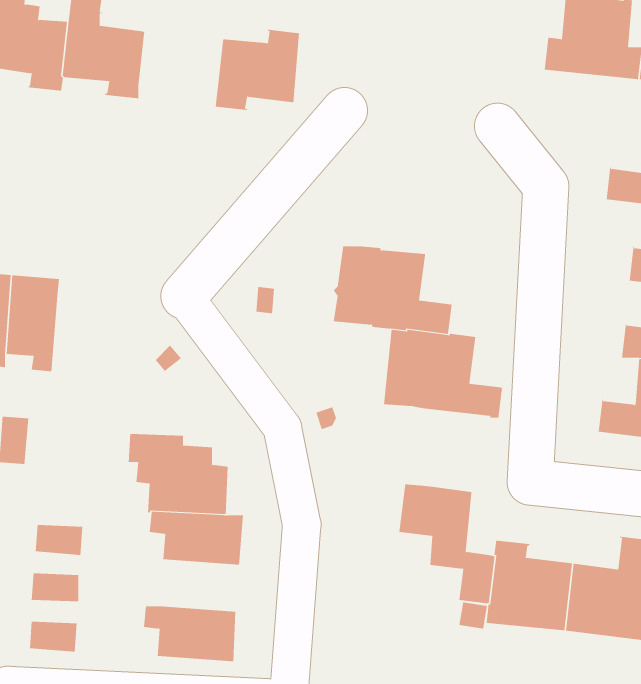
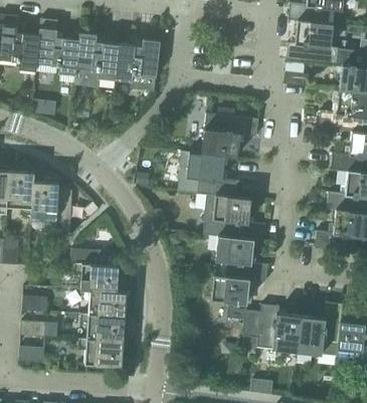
building: none -> [76,33,120,79]
building: none -> [202,114,258,158]
building: none -> [31,178,72,232]
building: none -> [215,235,268,282]
building: none -> [80,314,129,342]

